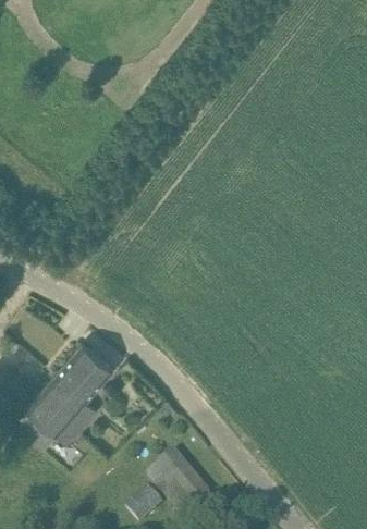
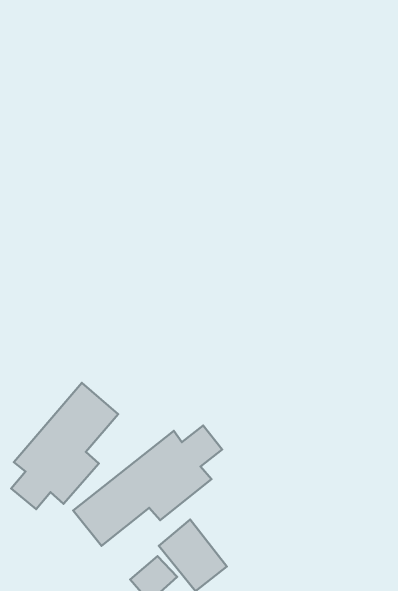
building: none -> [73,425,222,546]

